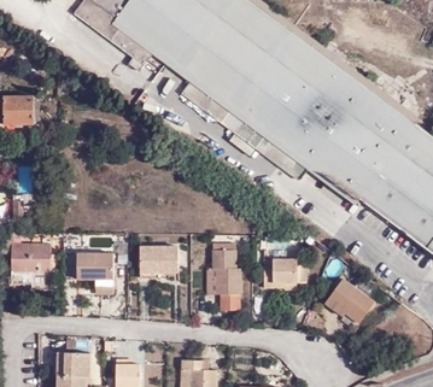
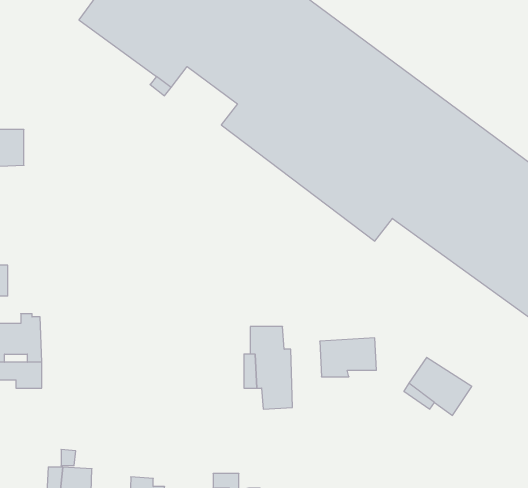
building: [137,245,175,275] -> none
building: [77,251,111,289] -> none

